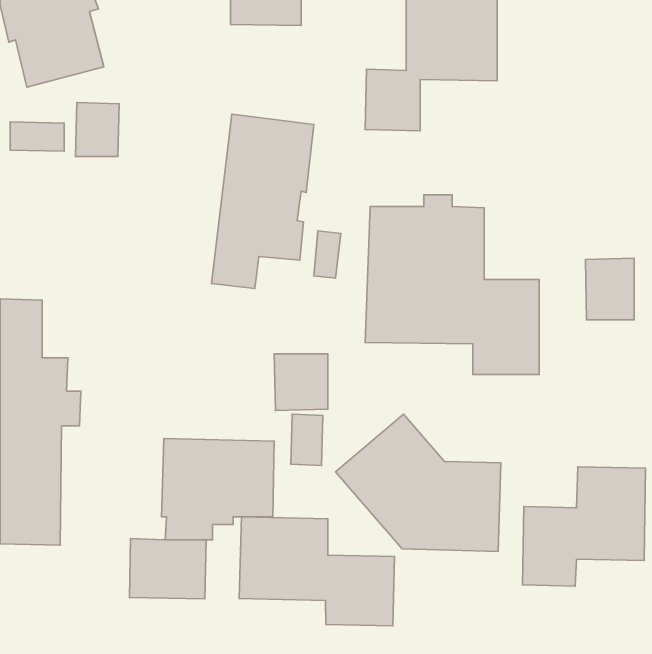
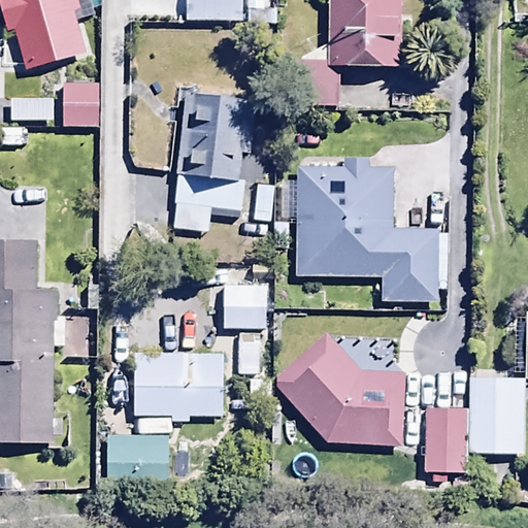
building: [585,258,634,320] -> none
building: [239,517,395,626] -> none

